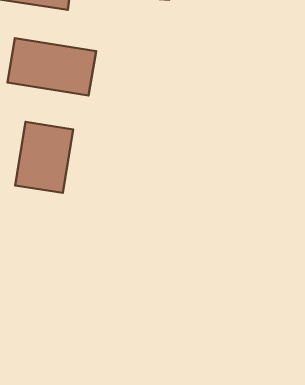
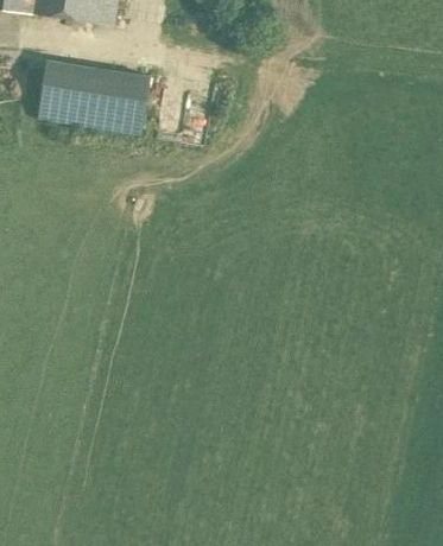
building: [15,122,73,193] -> none

